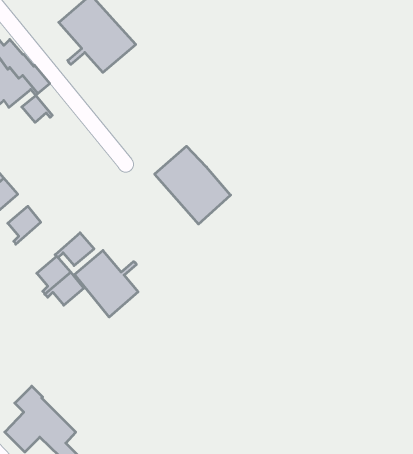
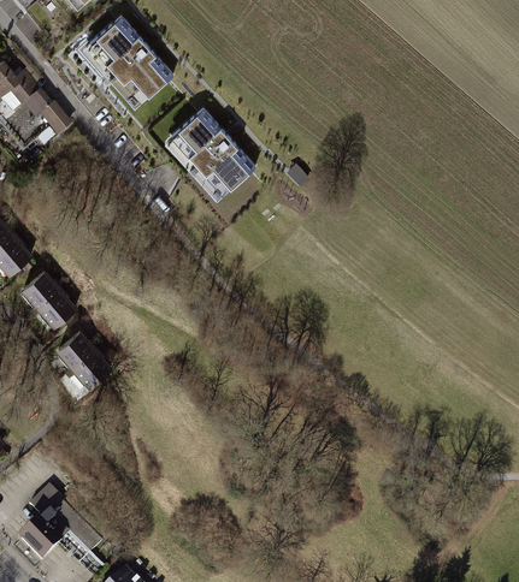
building: [22,95,52,122] -> none
building: [155,146,231,224] -> [164,109,255,203]
building: [55,233,94,266] -> [30,290,77,329]
building: [74,250,138,317] -> none

